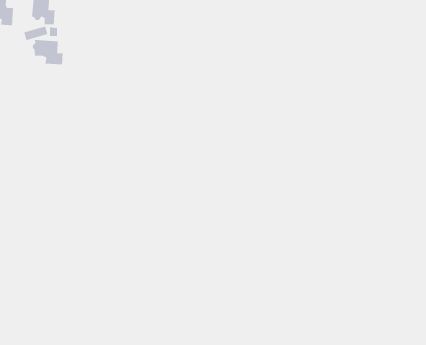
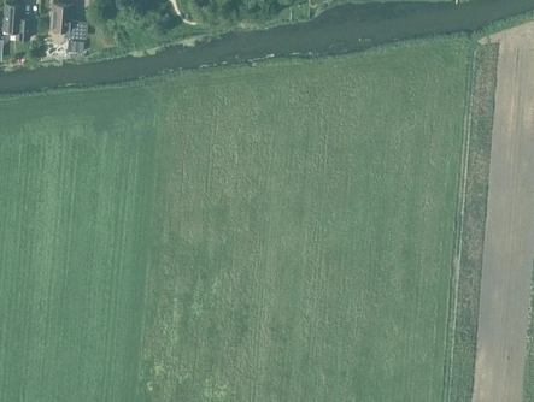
building: [32,39,63,65] -> none

